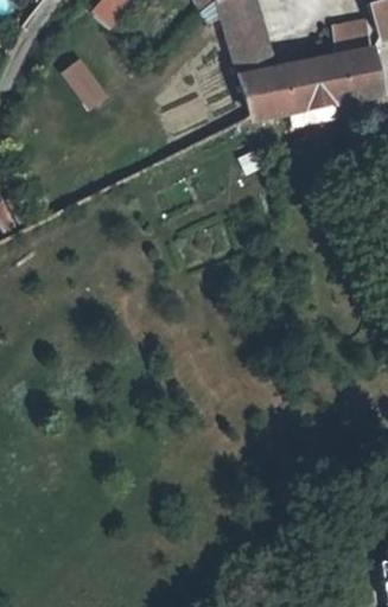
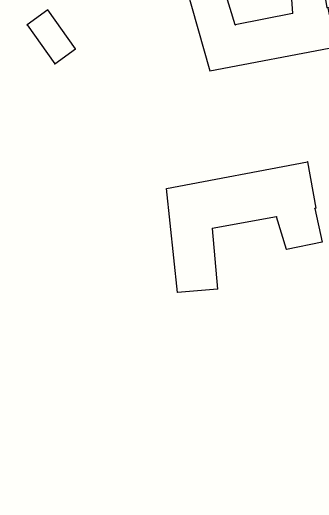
building: none -> [167,162,322,292]

